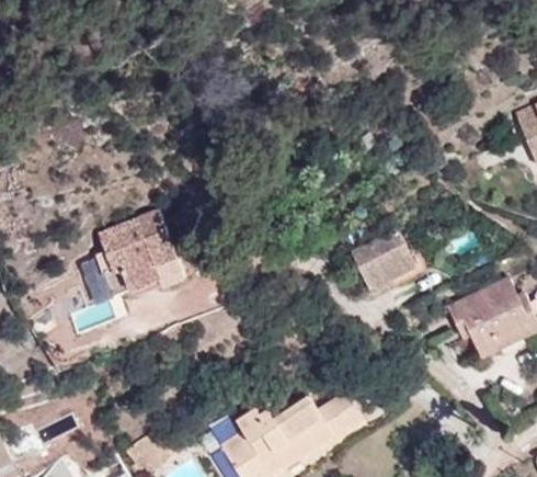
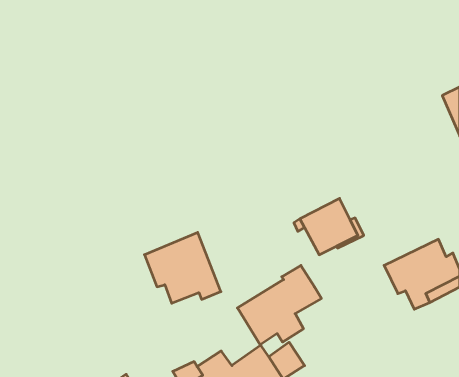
building: [98,211,184,291] -> [144,232,221,303]
building: none -> [237,265,321,345]

